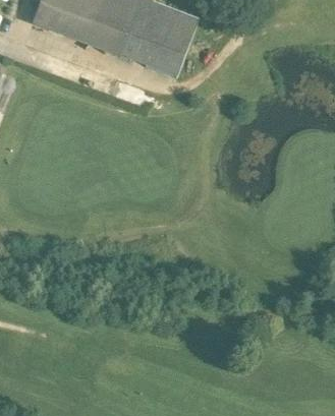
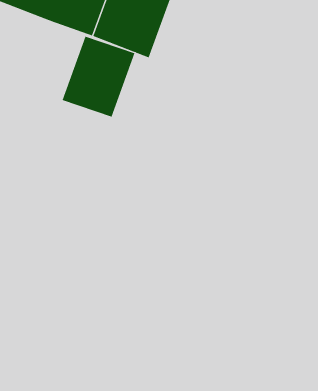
building: none -> [62,36,135,117]

